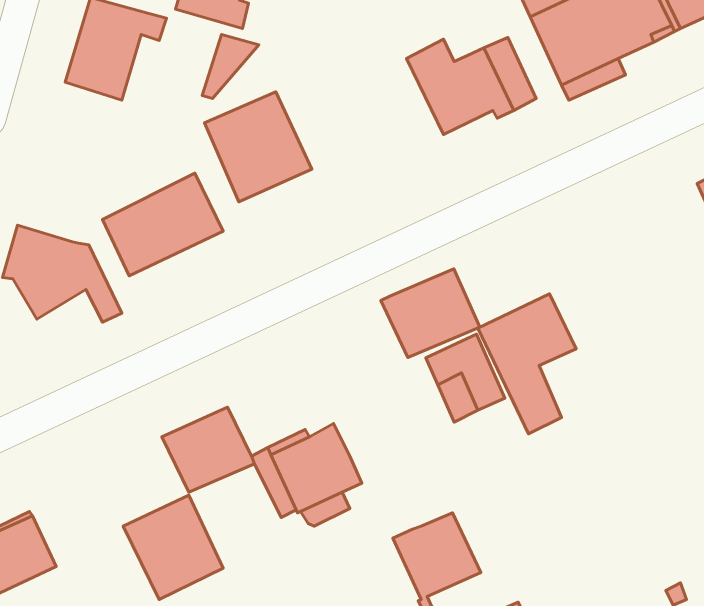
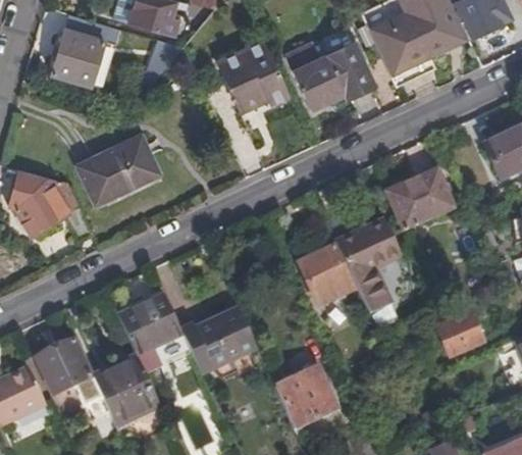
building: [204,92,312,202] -> [217,41,291,116]
building: none -> [385,169,452,229]
building: [381,269,480,358] -> none
building: none -> [437,313,481,354]
building: none -> [35,340,92,395]

